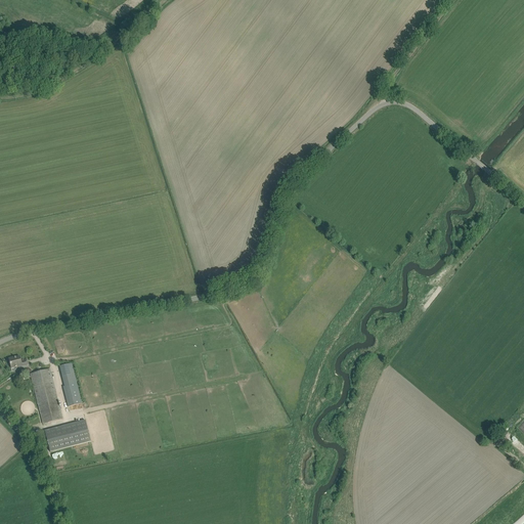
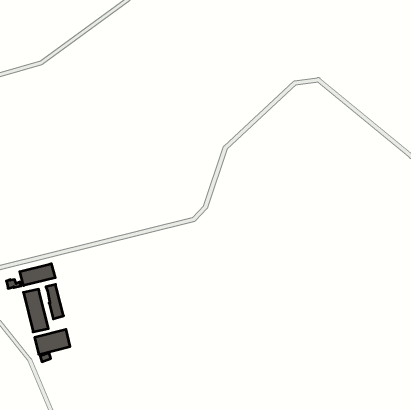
building: none -> [20,264,55,286]

